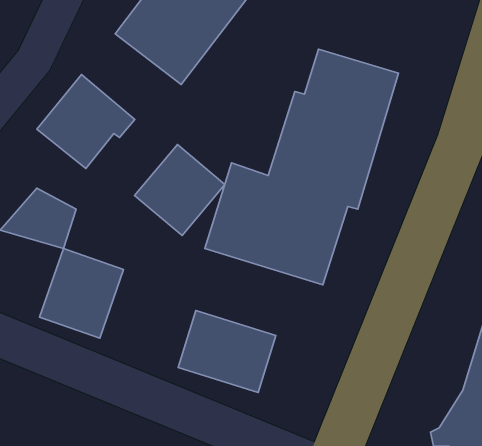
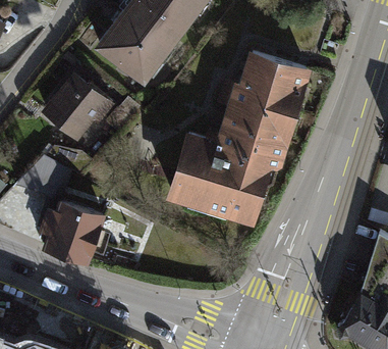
building: [135,144,225,235] -> none
building: [178,310,276,393] -> none

